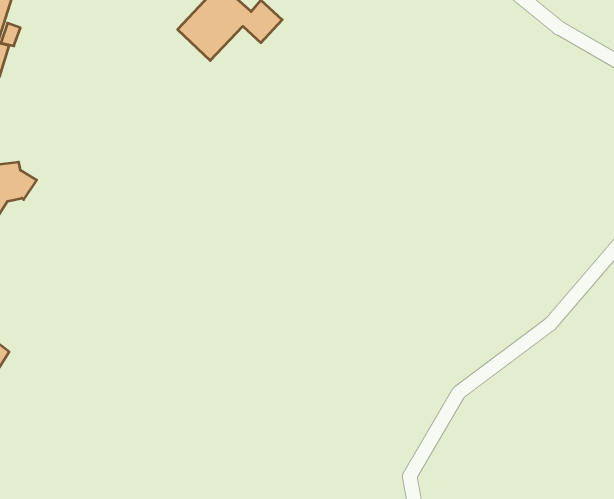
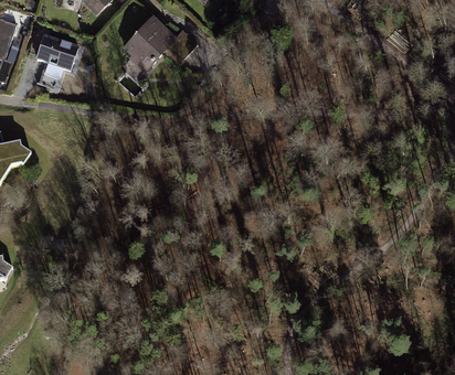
building: none -> [35,35,75,74]

